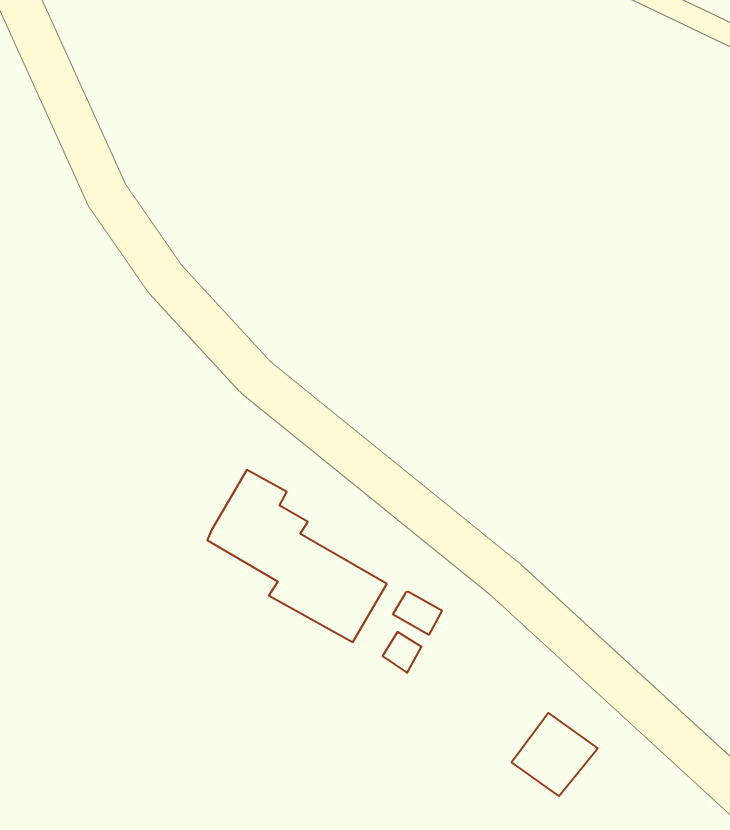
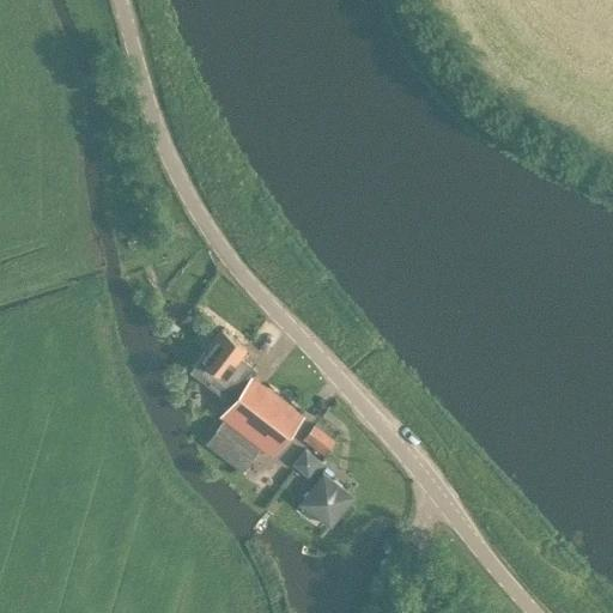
building: none -> [206,421,260,473]
building: [512,713,598,796] -> [301,473,358,528]

